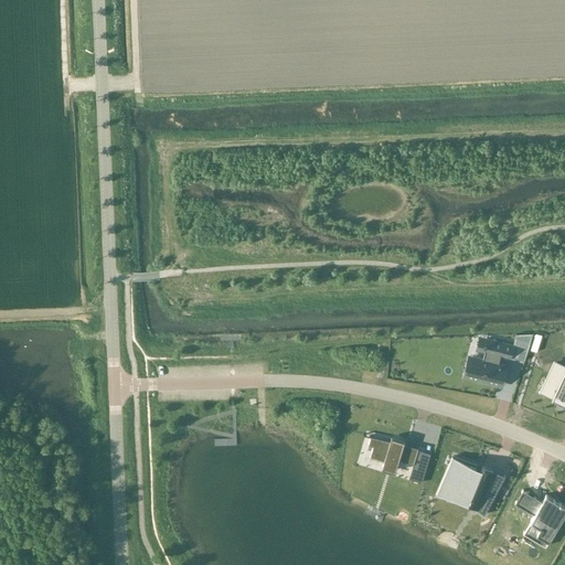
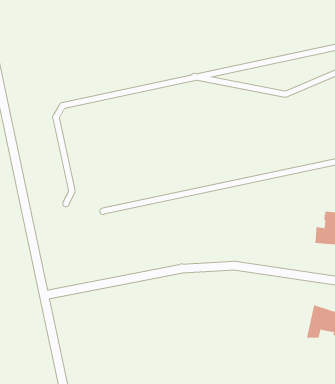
building: [370,437,419,472] -> none

